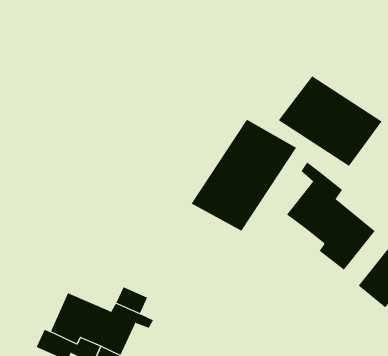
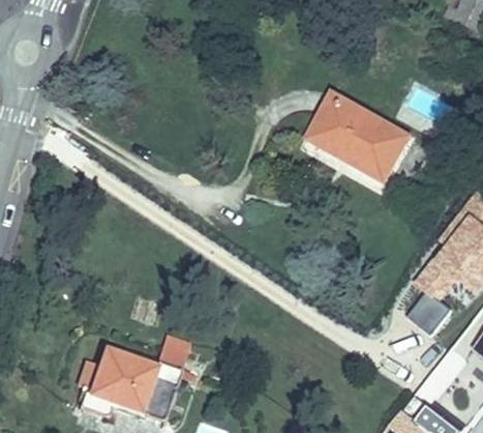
building: [191,119,297,232] -> none
building: [286,162,376,271] -> none

